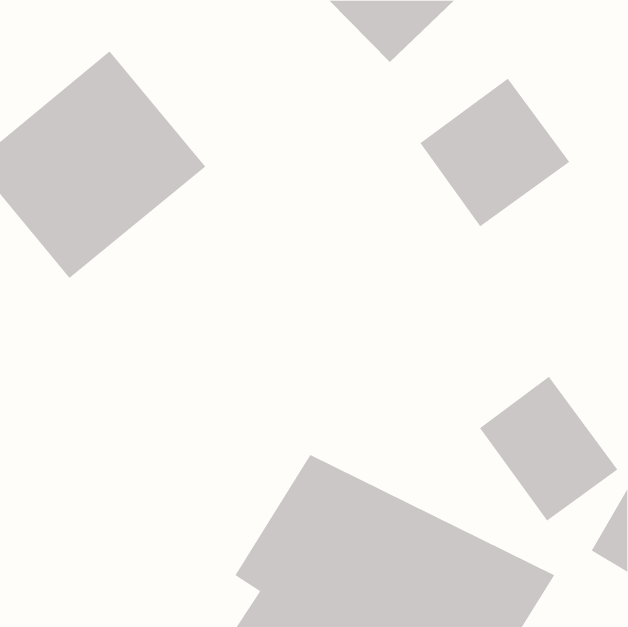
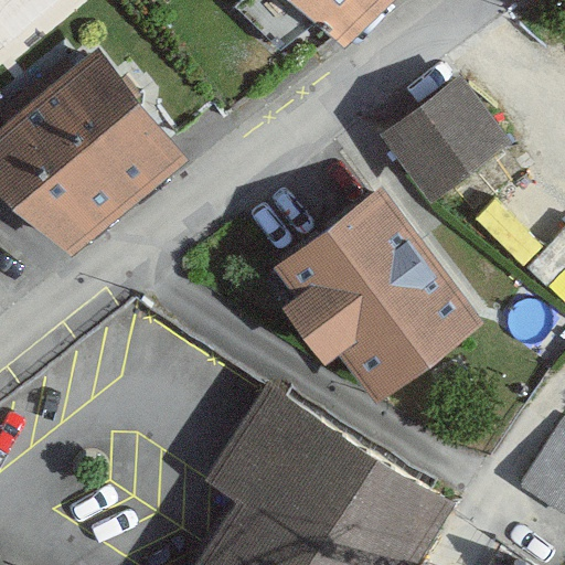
building: none -> [277,192,476,398]
building: [479,376,618,522] -> none

